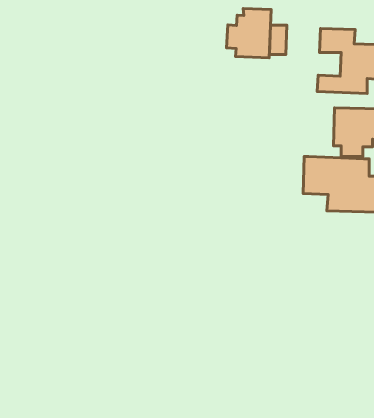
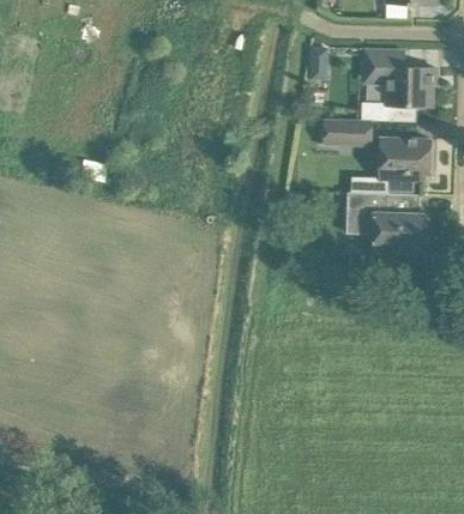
building: [226,9,271,58] -> none
building: none -> [323,117,370,144]

